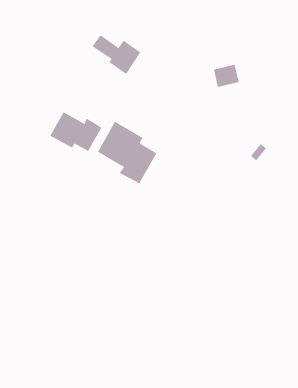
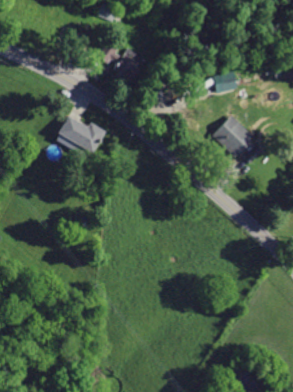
building: none -> [212,115,254,157]
building: [97,121,157,184] -> none

